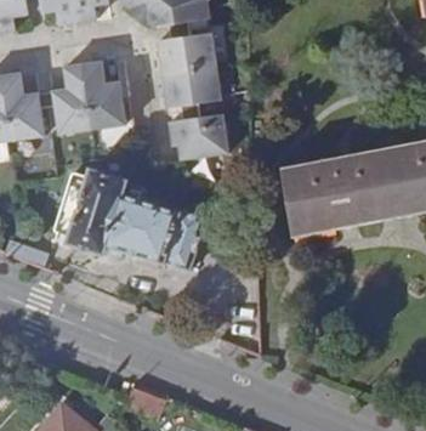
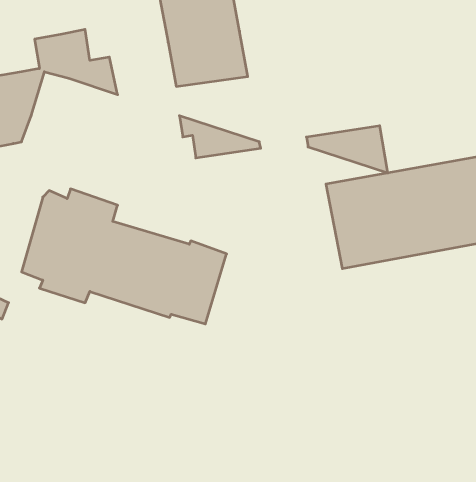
building: [53,83,129,135] -> none
building: [170,100,231,135] -> [306,126,388,173]

